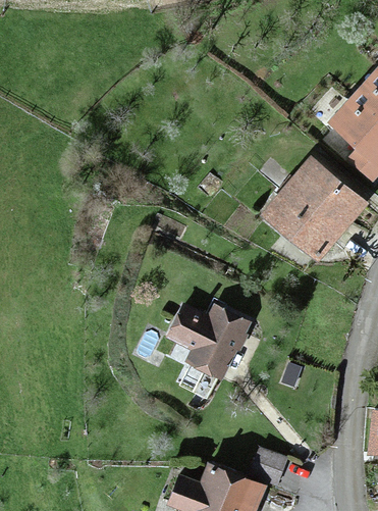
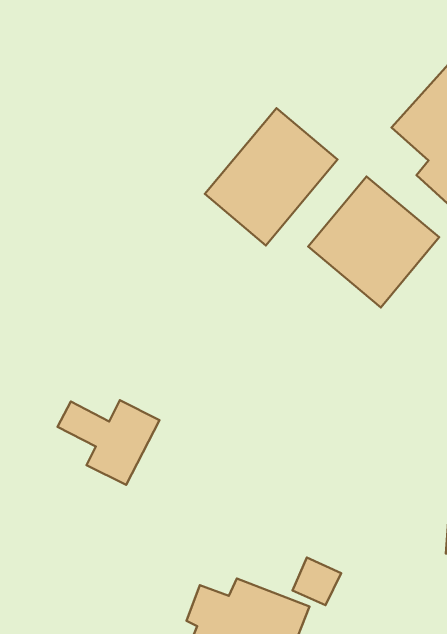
building: none -> [205,108,338,246]
building: [170,313,249,378] -> [58,400,159,485]

